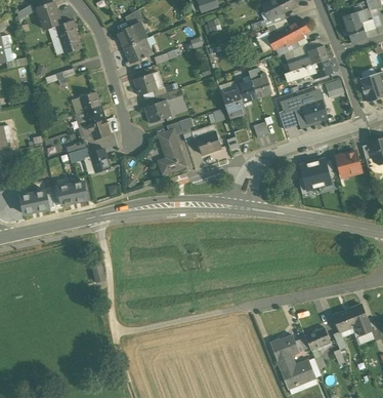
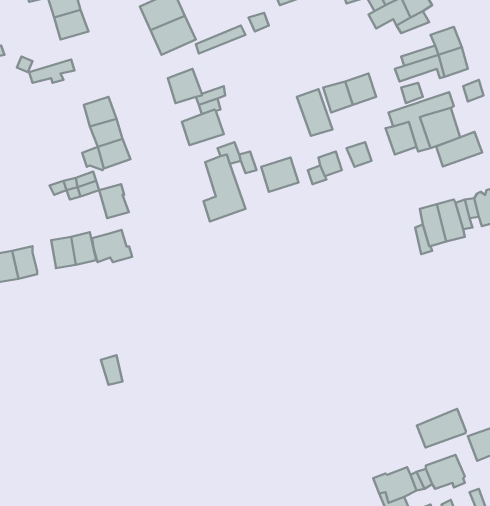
building: none -> [436,132,482,166]
building: none -> [92,230,132,262]
building: none -> [417,409,466,448]

